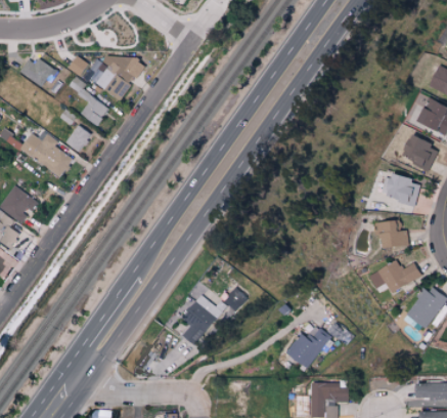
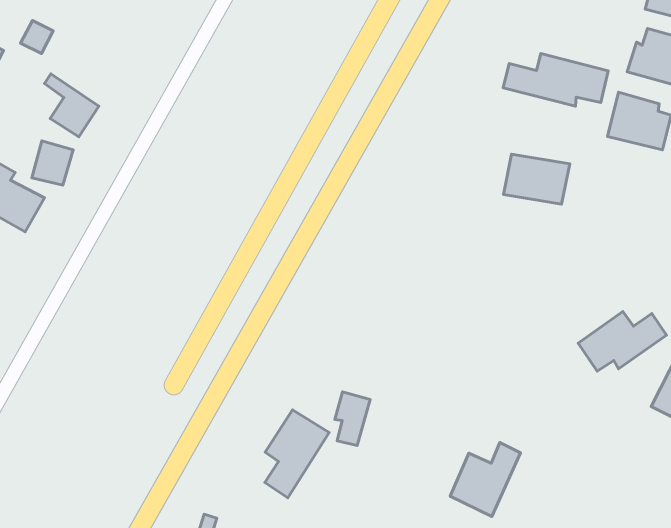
building: [88,54,146,97] -> none
building: none -> [503,54,608,106]
building: [382,173,421,205] -> [503,154,570,204]
building: [376,219,408,246] -> none

